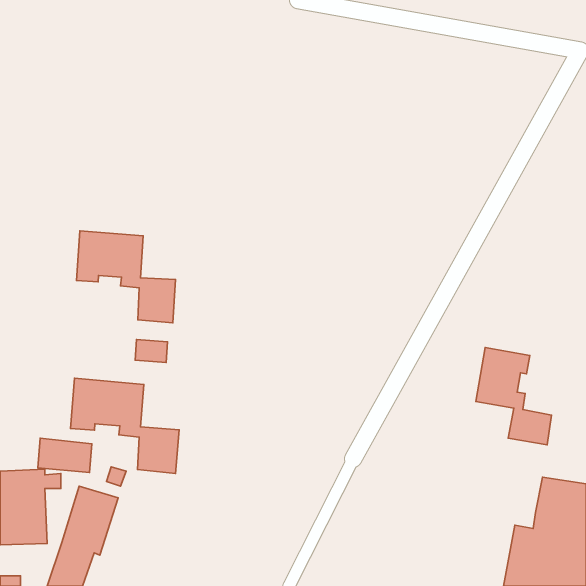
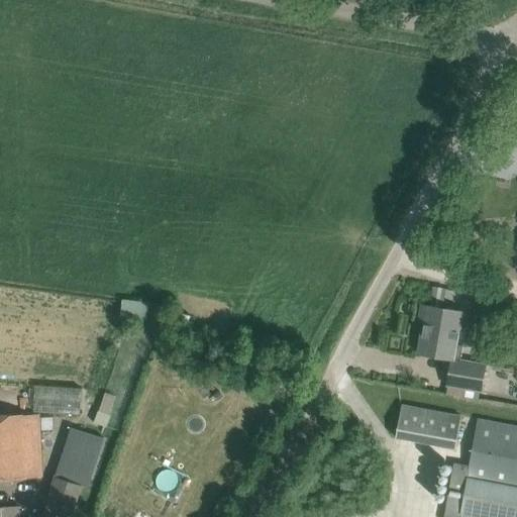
building: [77,231,176,323] -> none
building: [71,378,179,474] -> none
building: none -> [396,406,461,448]

